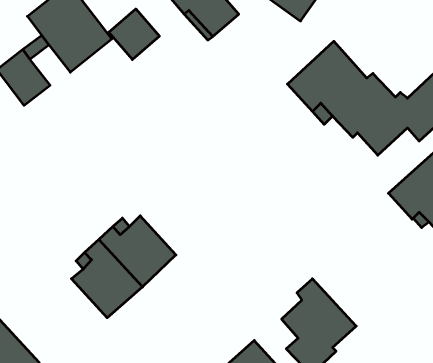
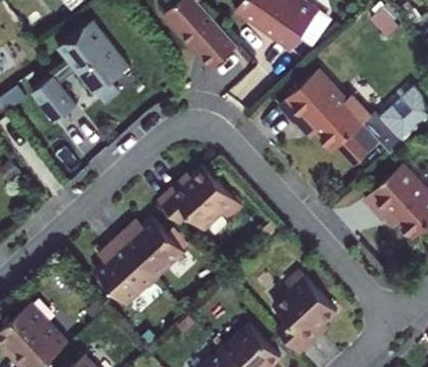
building: [109,9,159,60] -> none
building: none -> [158,166,240,230]

